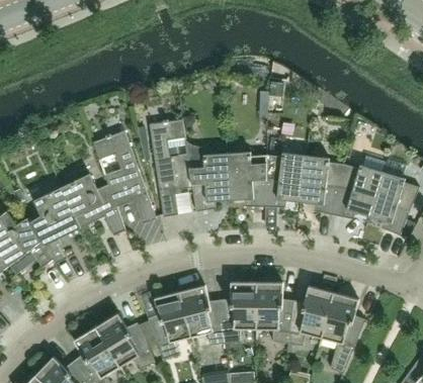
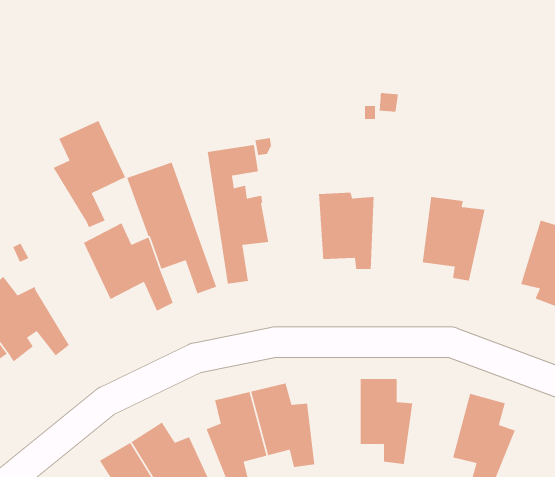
building: [185,141,230,212] -> none
building: [264,153,306,207] -> none
building: [333,165,383,218] -> none
building: [29,188,81,264] -> [53,120,126,228]
building: [220,282,256,344] -> none
building: [287,286,333,346] -> none

